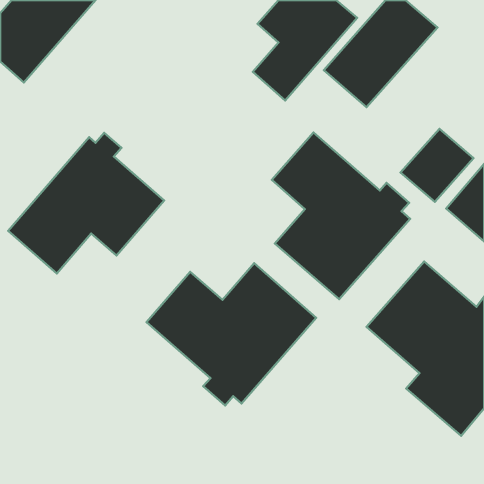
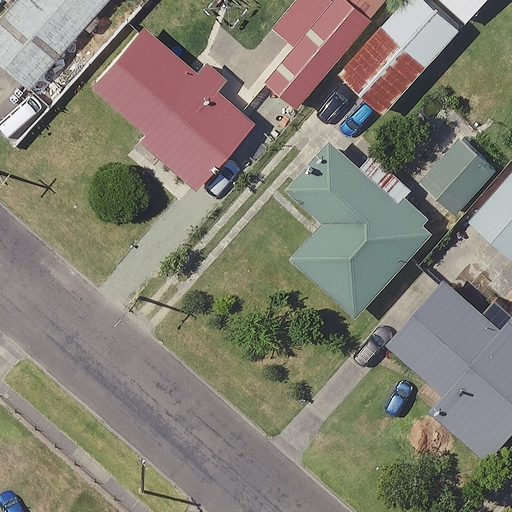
building: none -> [85,26,251,192]
building: [8,133,164,274] -> none
building: [146,263,316,405] -> none

